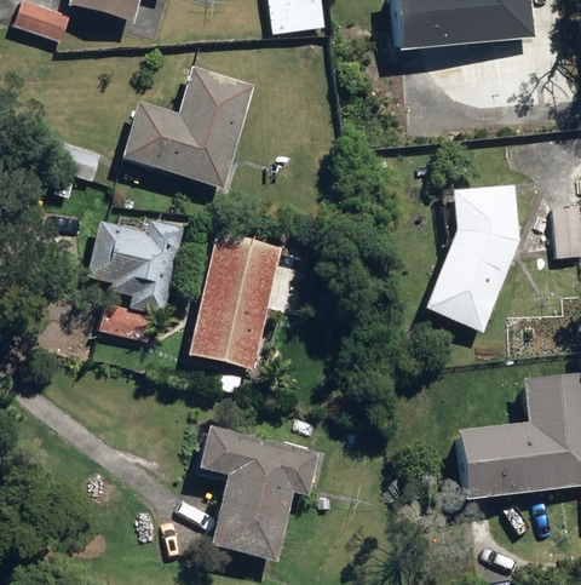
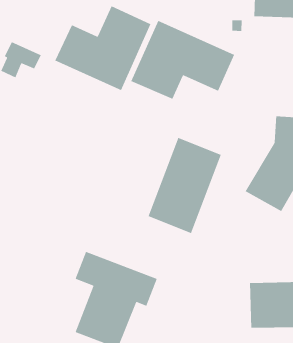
building: none -> [130,20,235,100]
building: [87,218,184,338] -> none
building: [188,231,282,369] -> [147,137,222,234]

